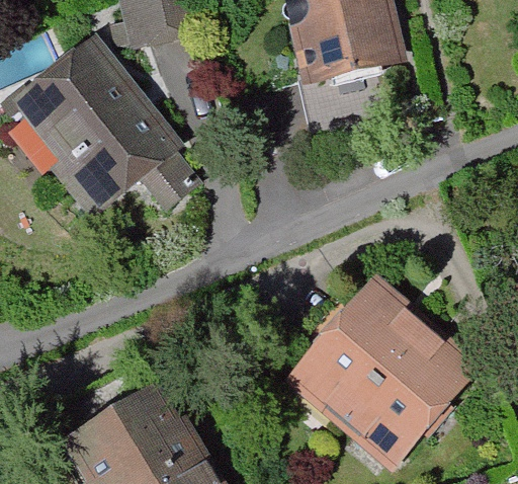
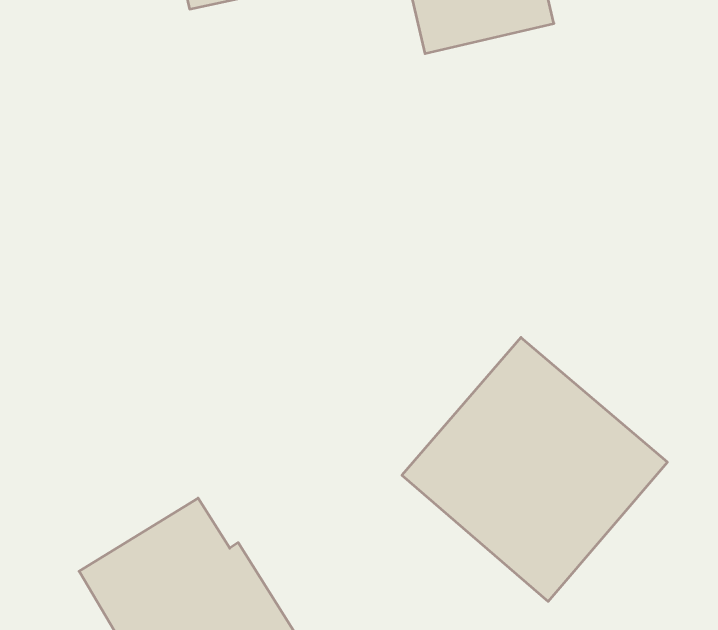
building: [25,46,206,217] -> none

